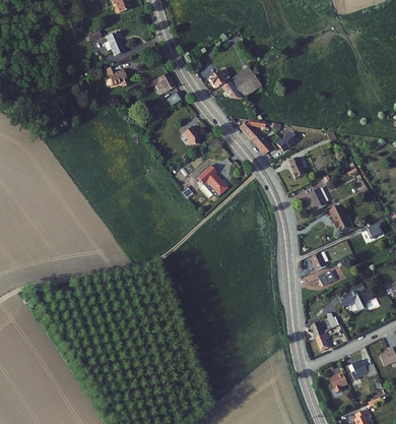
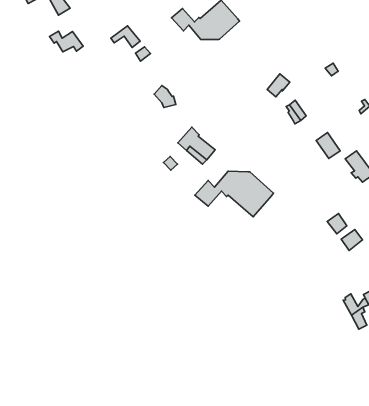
building: [239,120,271,155] -> none
building: none -> [195,171,273,217]

